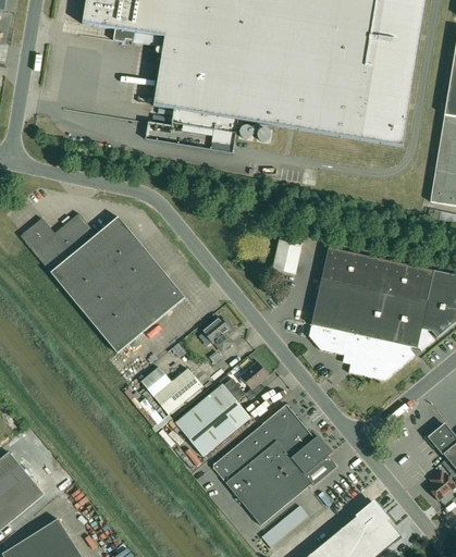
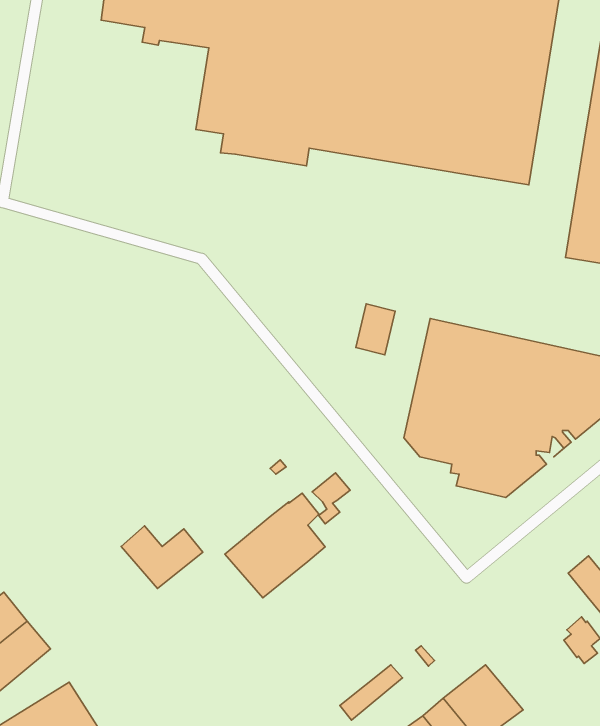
building: [20,212,184,352] -> none
building: [201,315,232,350] -> none
building: [140,366,201,412] -> [121,526,203,589]
building: [212,405,337,524] -> none

